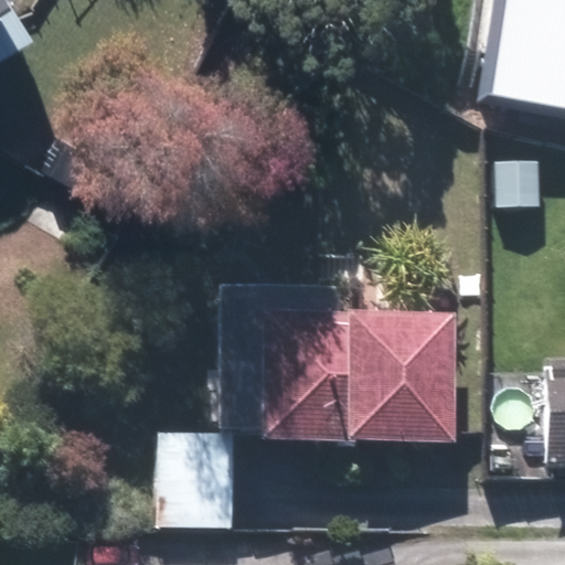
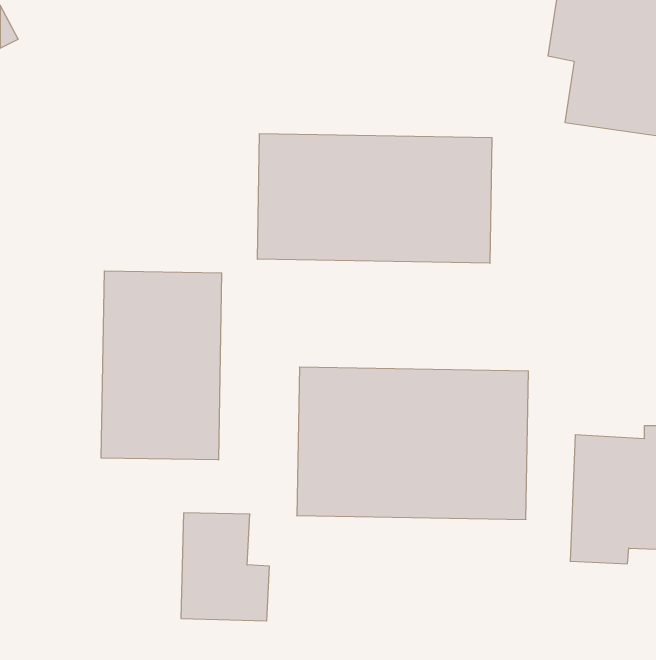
building: none -> [257,134,492,263]
building: none -> [101,271,222,460]

